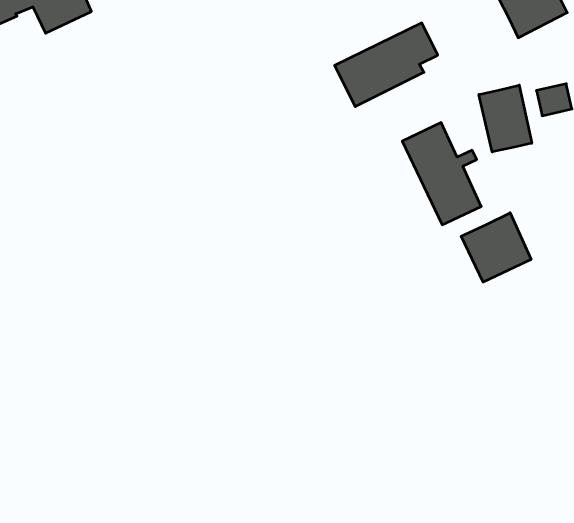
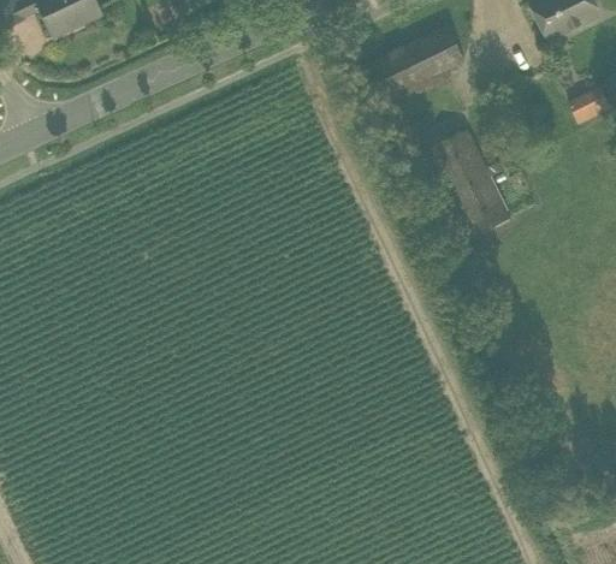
building: [479,85,532,152] -> none
building: [461,213,531,282] -> none

